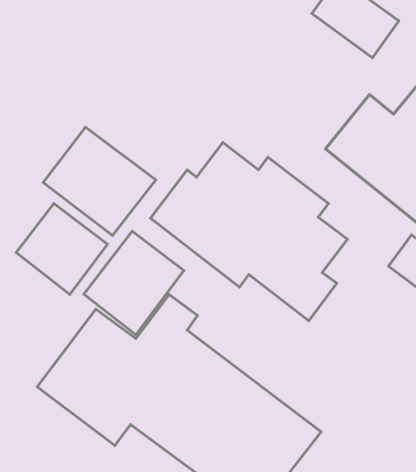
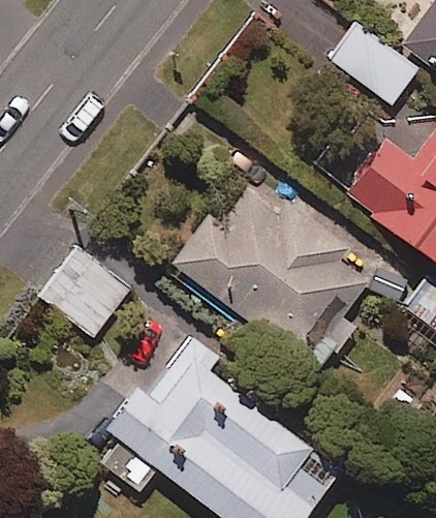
building: [43,127,156,235] -> none
building: [84,231,184,335] -> none

